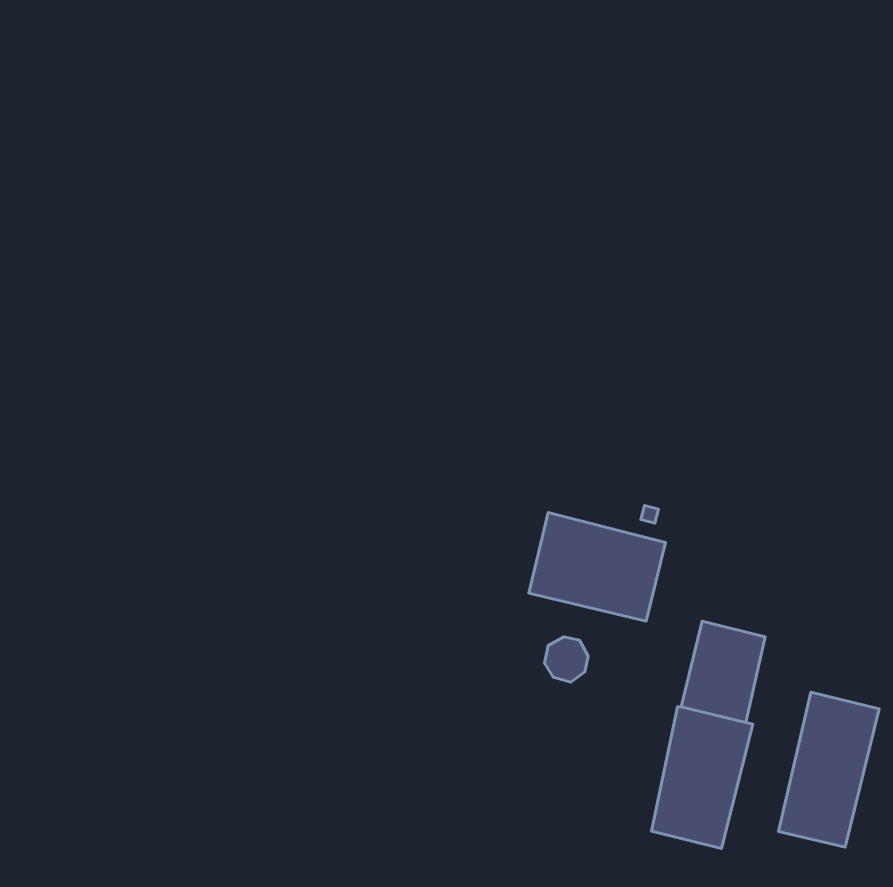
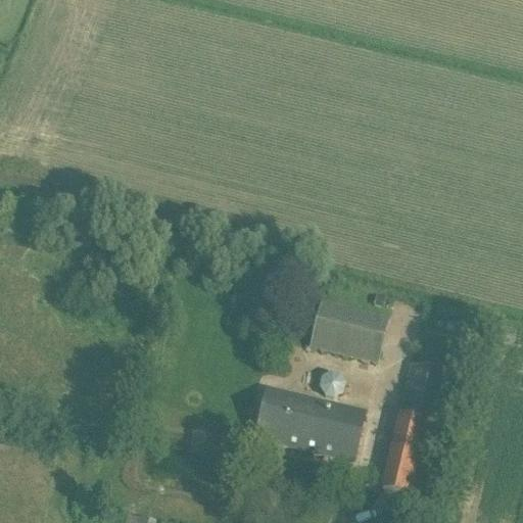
building: none -> [252,385,366,463]
building: [778,692,879,847] -> none

